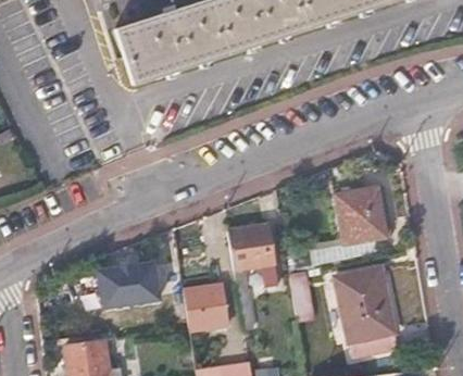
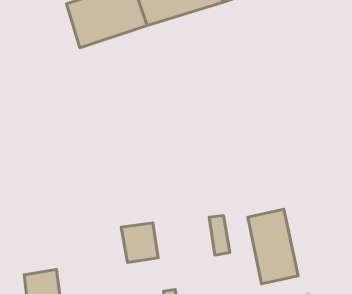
building: [336,188,385,245] -> none
building: [228,225,276,331] -> none
building: [95,250,161,299] -> none

